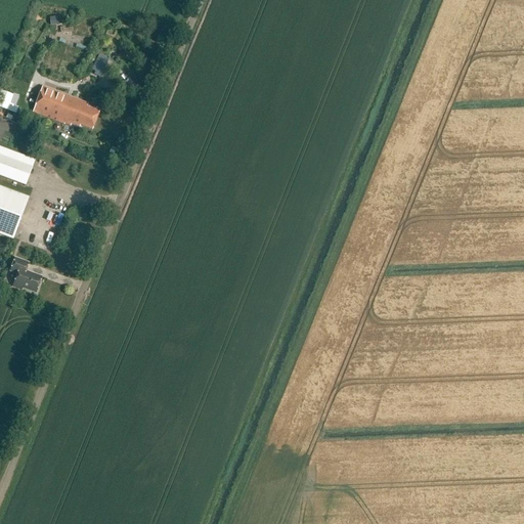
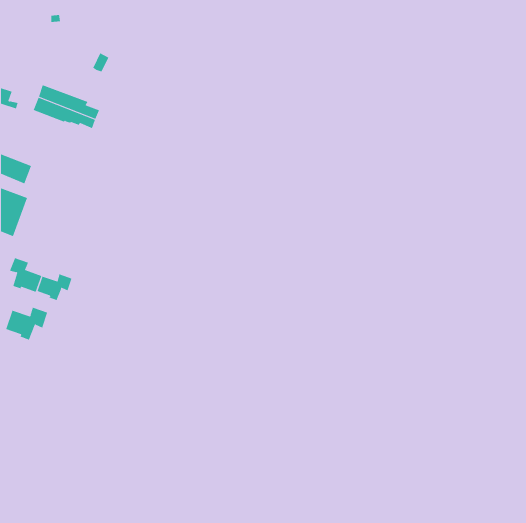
building: none -> [37,274,72,301]
building: none -> [5,307,48,341]

